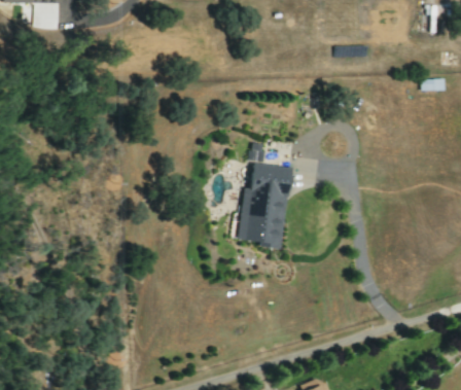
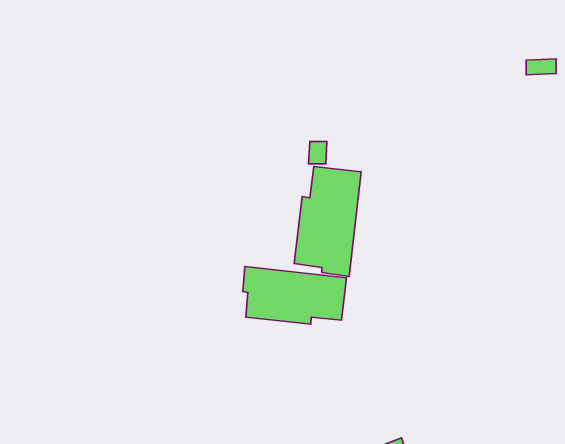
building: none -> [243,267,346,324]

